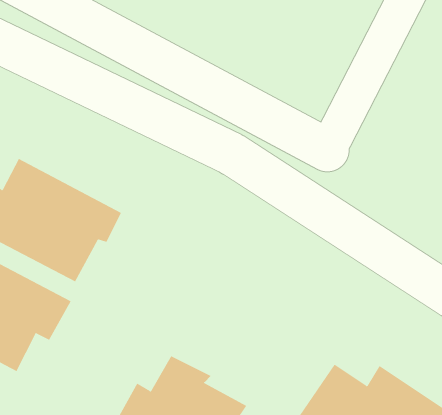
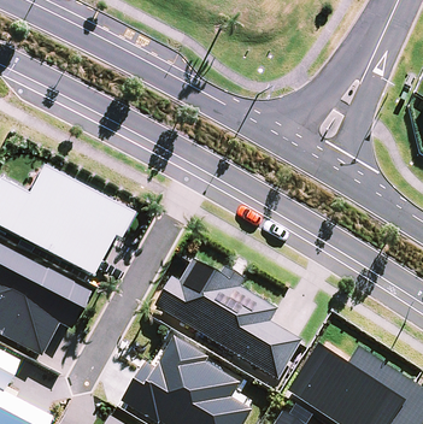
building: none -> [154,261,305,381]

